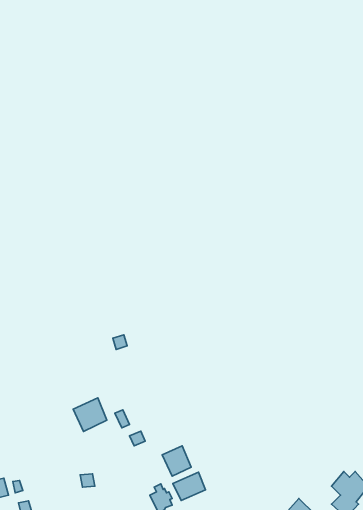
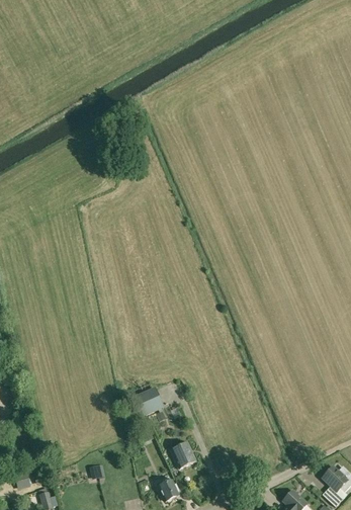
building: [73,398,107,431] -> [131,388,162,418]
building: [173,472,206,500] -> none

